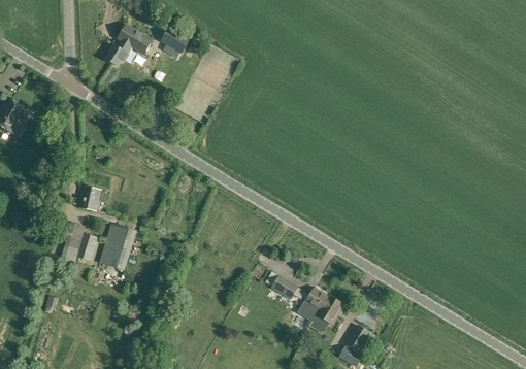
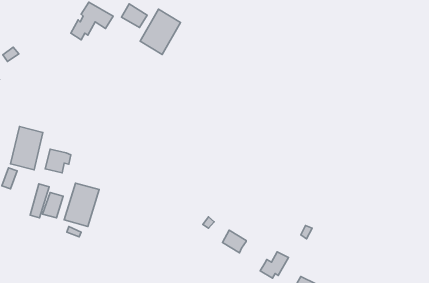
building: none -> [140,9,180,54]
building: none -> [11,126,43,170]
building: [297,288,331,323] -> none

